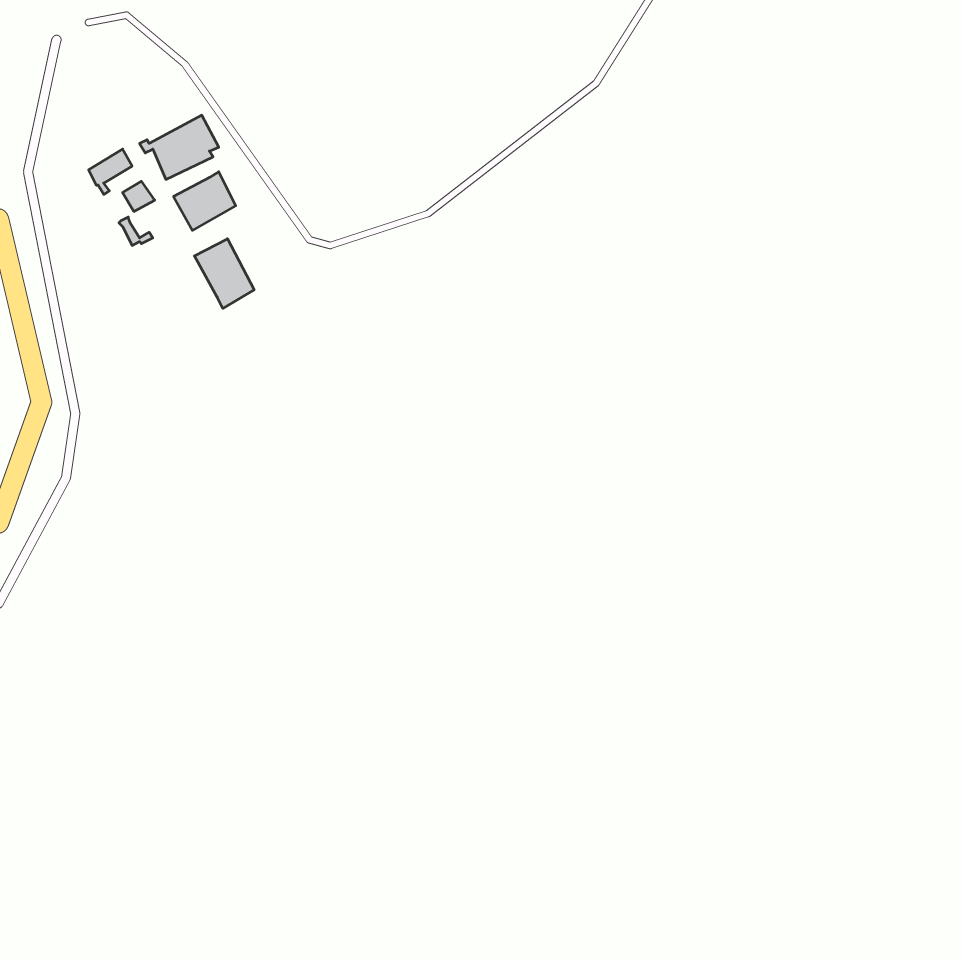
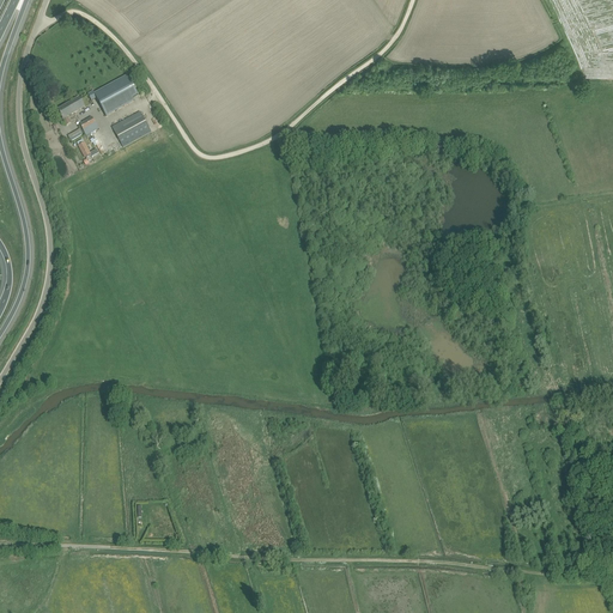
building: [194,239,254,308] -> none

